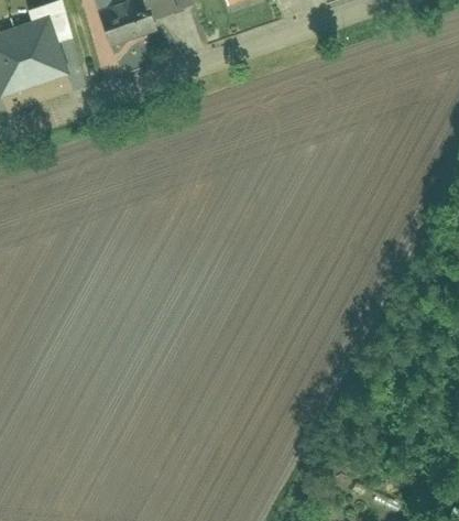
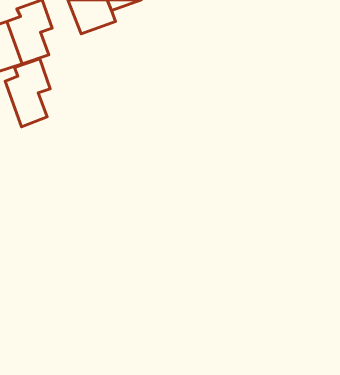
building: none -> [5,59,50,127]

